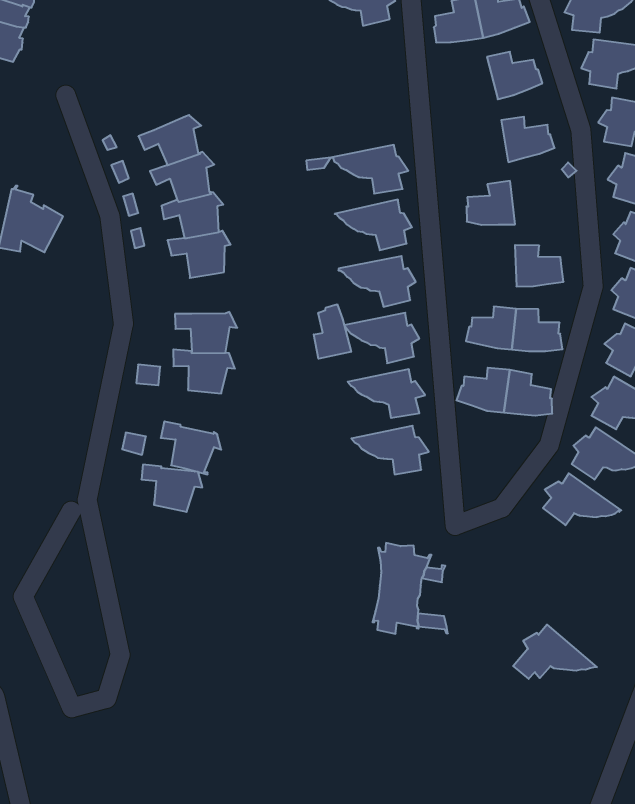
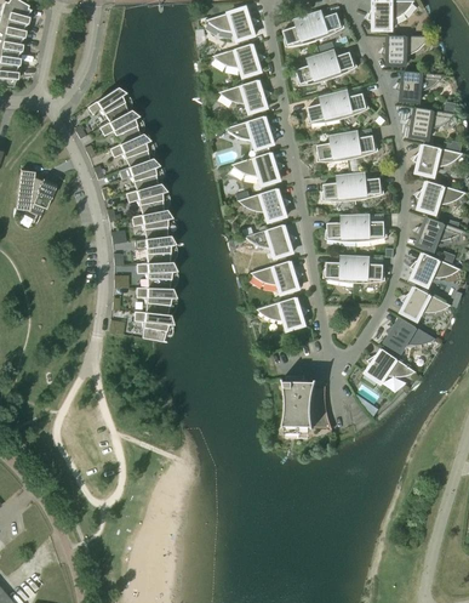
building: none -> [213,44,264,78]
building: none -> [296,53,330,86]
building: none -> [87,87,128,123]
building: none -> [219,80,270,113]
building: none -> [308,93,341,124]
building: none -> [343,130,378,160]
building: none -> [322,173,354,201]
building: none -> [131,210,172,239]
building: [314,304,351,359] -> none
building: [141,465,202,512] -> [136,288,176,315]
building: [513,625,597,679] -> [362,348,417,385]

